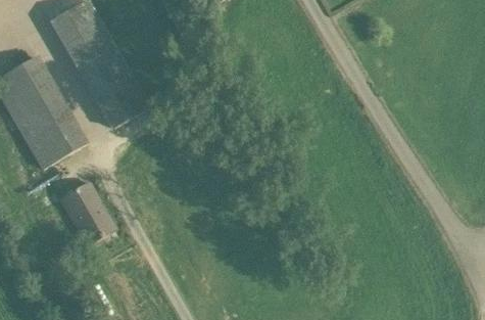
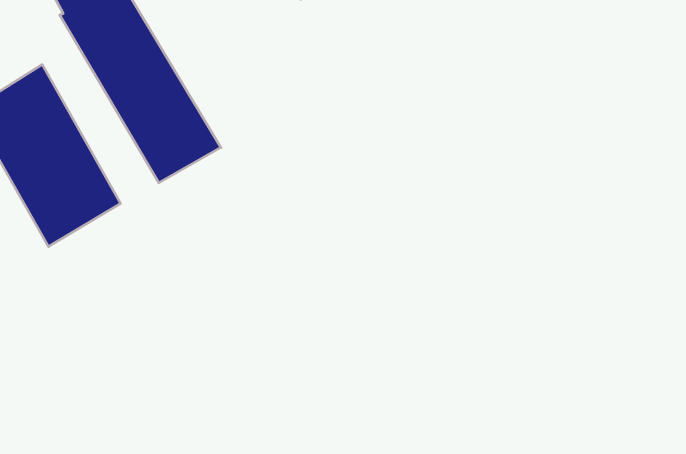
building: [57,178,117,245] -> none

